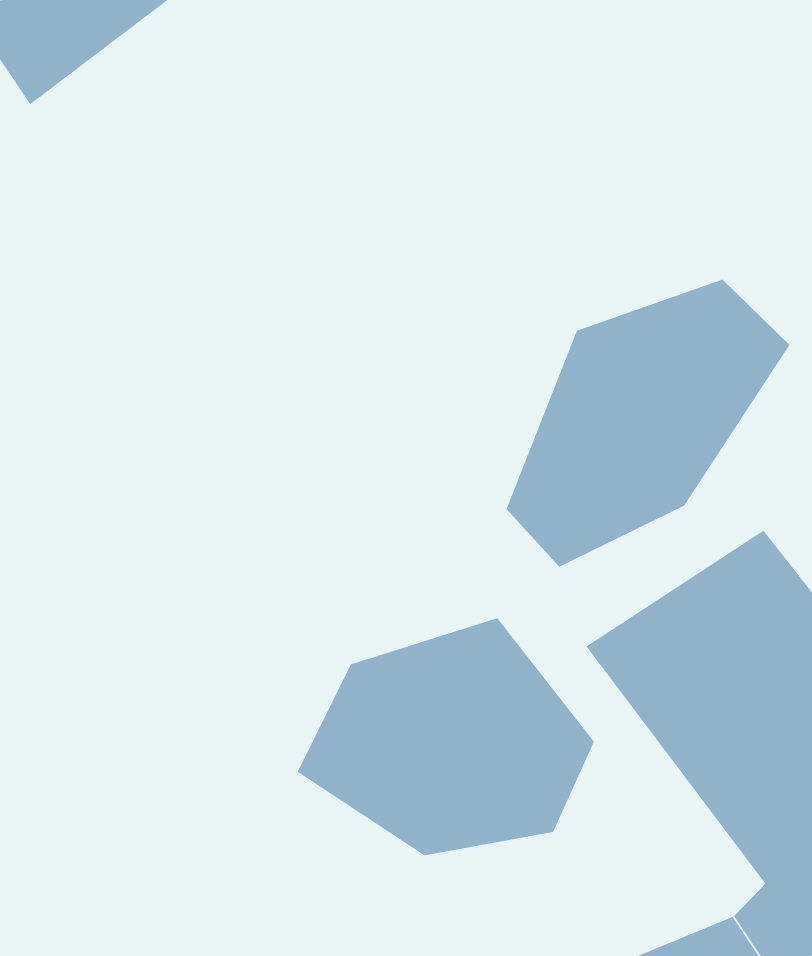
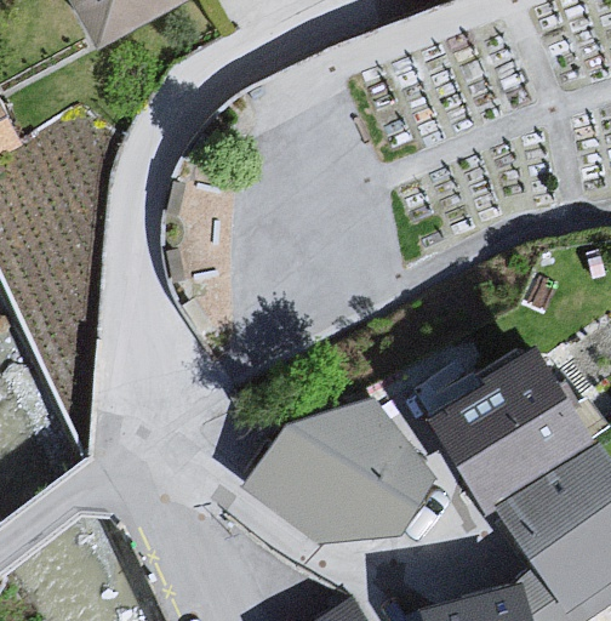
building: [506,279,790,568] -> none

